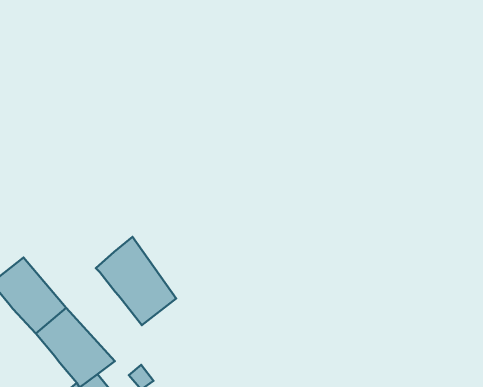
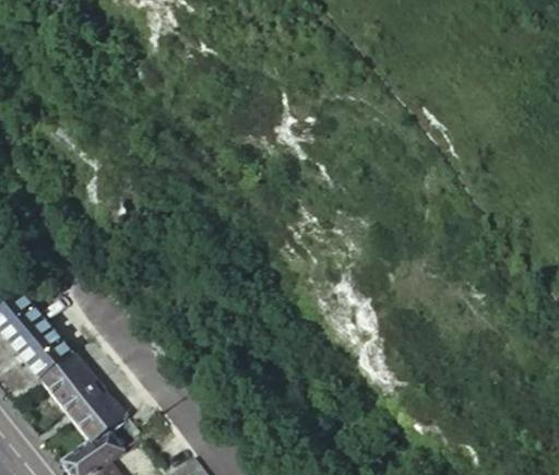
building: [96,237,176,325] -> none

